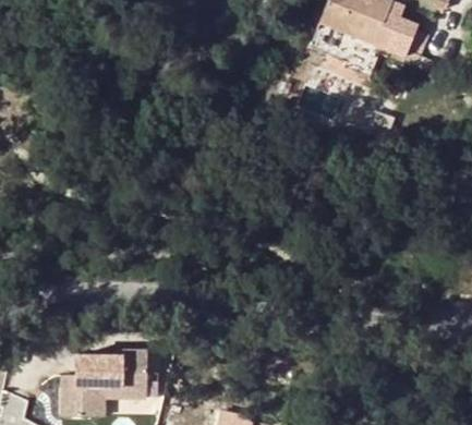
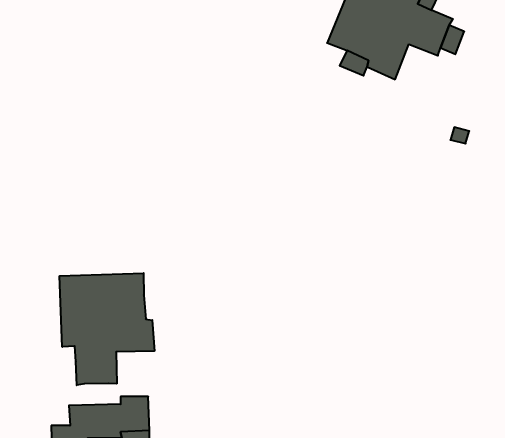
building: none -> [60,273,154,385]

